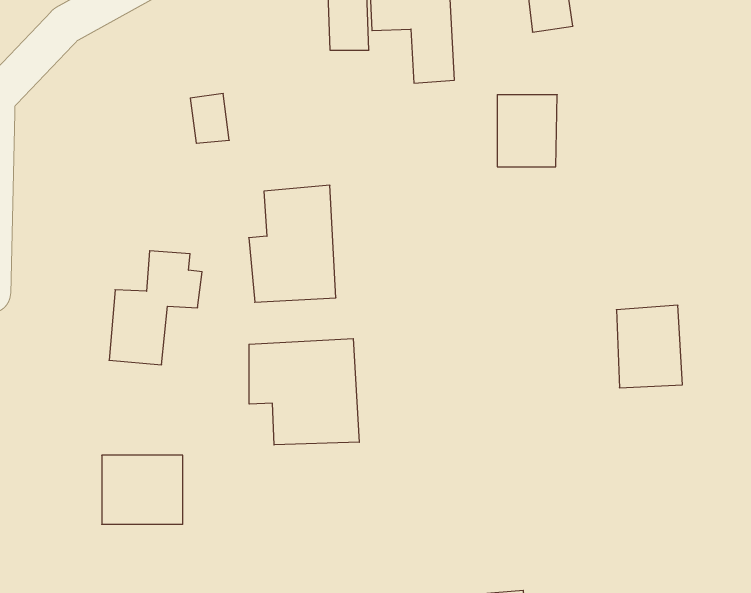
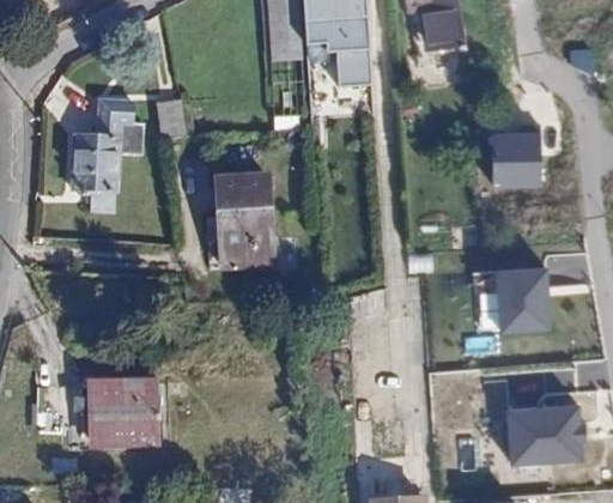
building: [497,95,557,167] -> [492,129,540,187]
building: [109,251,202,365] -> [69,98,144,189]
building: [249,339,359,445] -> none
building: none -> [508,404,582,466]

